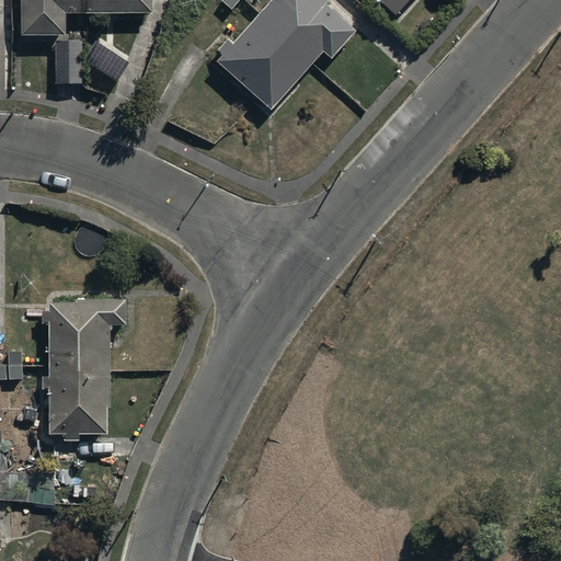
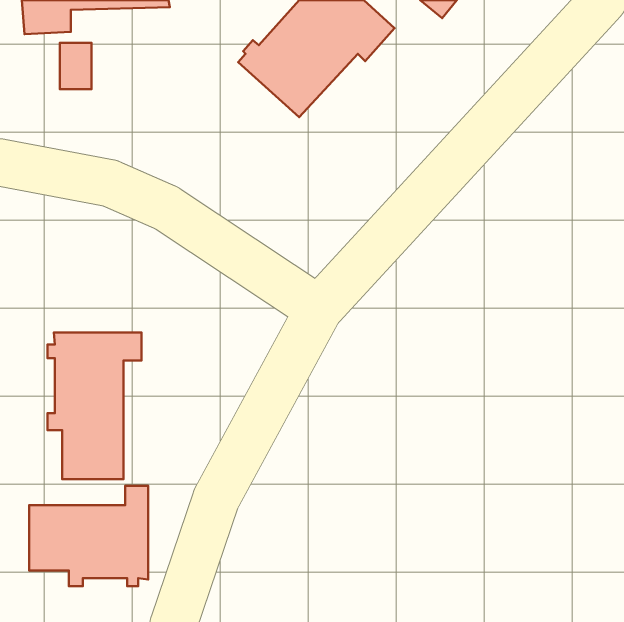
building: none -> [29,486,148,586]

